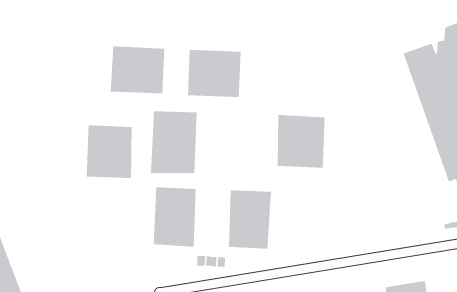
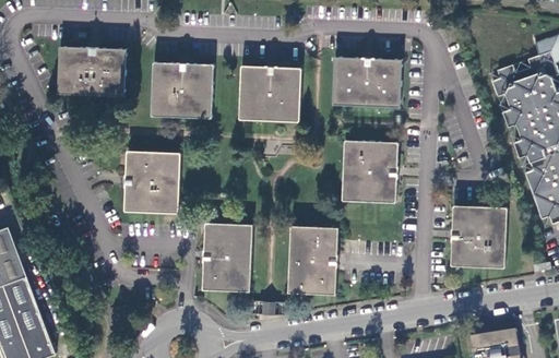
building: none -> [57,47,126,97]
building: none -> [333,58,402,108]
building: [150,110,197,174] -> none
building: none -> [451,205,507,267]

